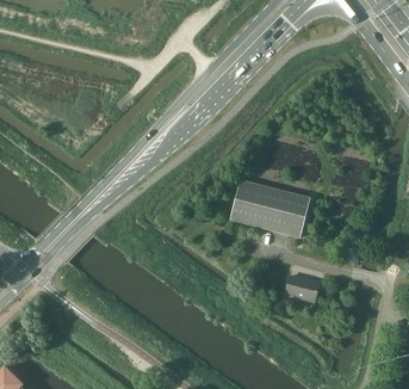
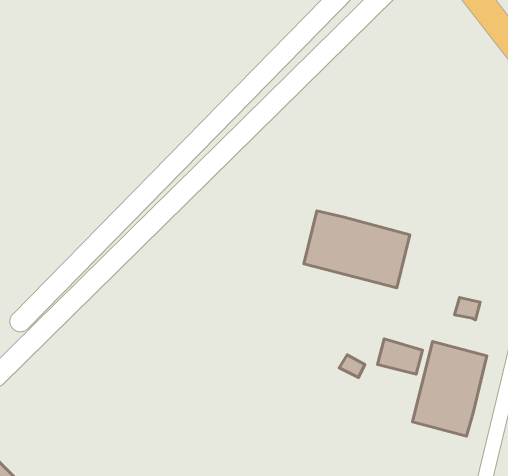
building: none -> [412,342,487,436]

